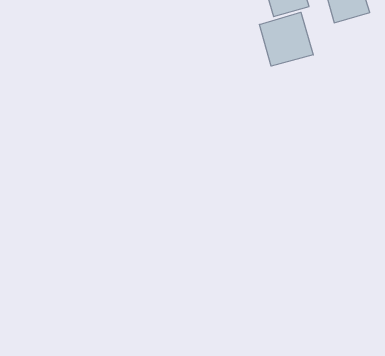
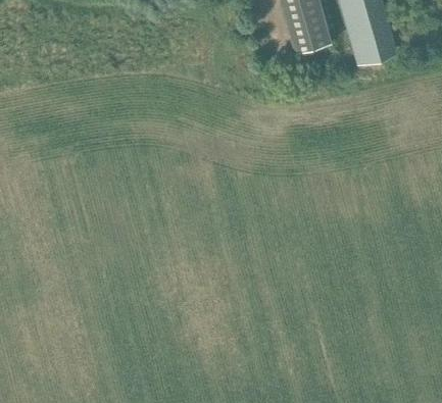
building: [259,12,313,66] -> none

